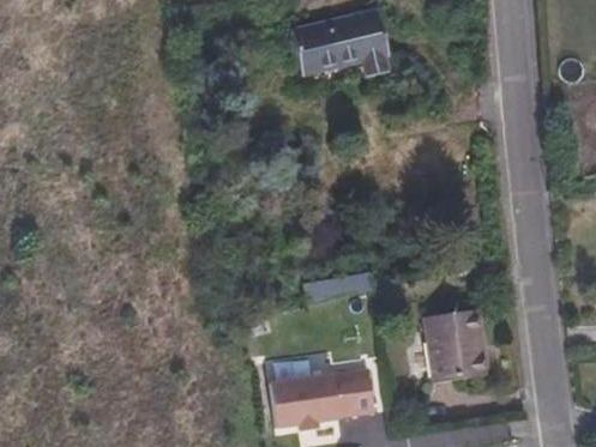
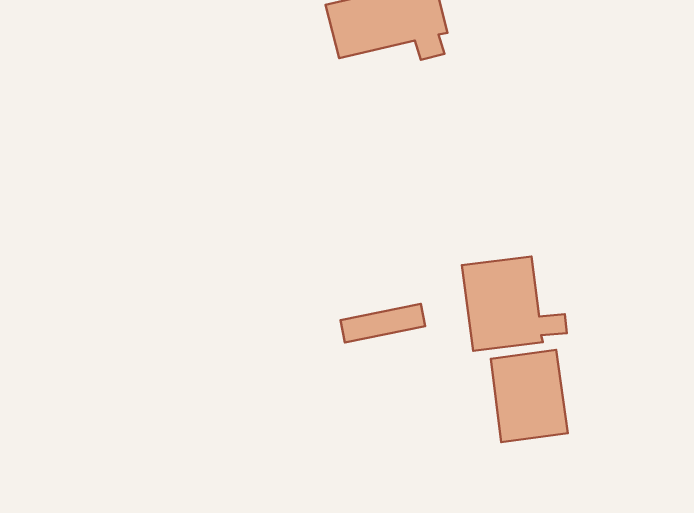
building: none -> [462,257,567,351]
building: [270,368,374,427] -> none

